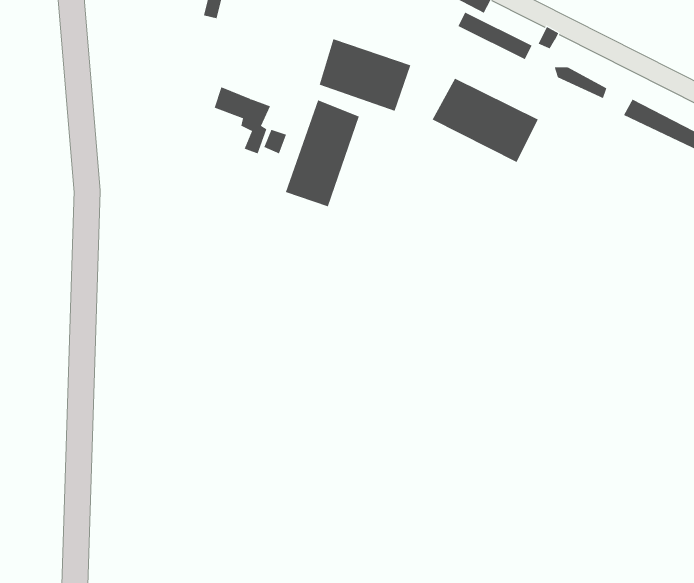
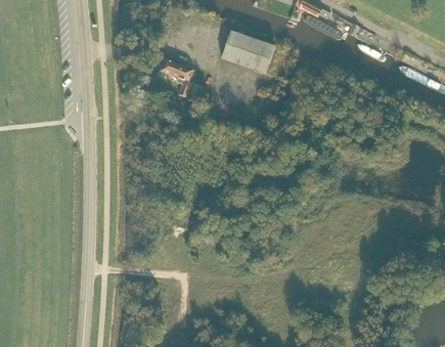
building: [432,78,538,163] -> none
building: [285,99,359,207] -> none

